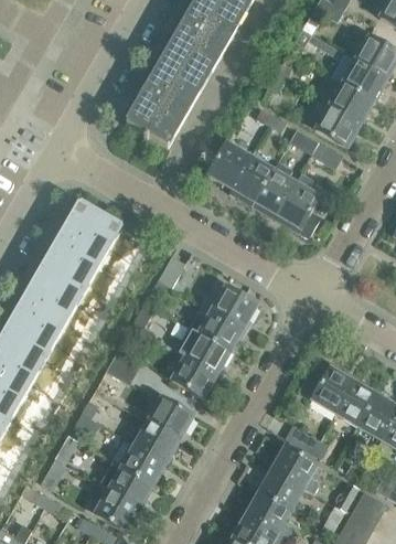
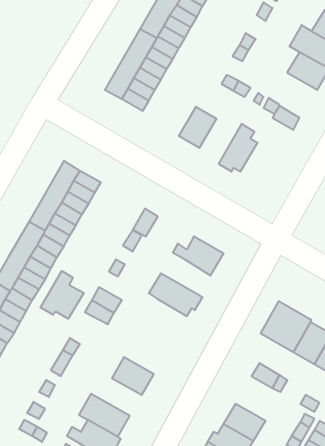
building: [313,99,361,148] -> none
building: [228,156,272,205] -> none
building: [276,173,320,238] -> none
building: [188,303,243,351] -> none
building: none -> [40,271,84,319]
building: [170,355,216,398] -> none
building: [147,396,193,438] -> none
building: [110,437,167,484] -> none
building: [267,446,317,493] -> none

